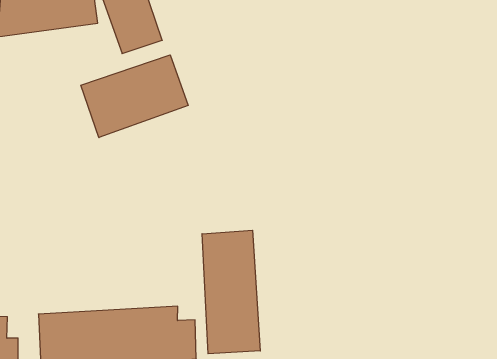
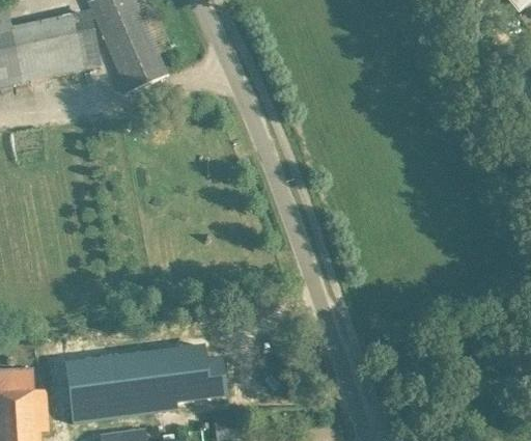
building: [81,55,188,138] -> none
building: [202,230,260,354] -> none

